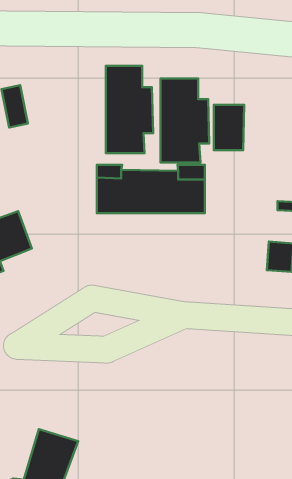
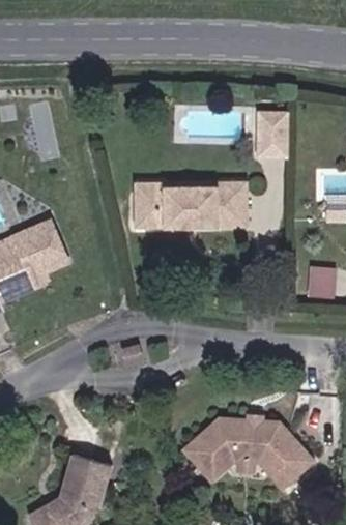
building: [106,66,153,153] -> none
building: [161,79,209,163] -> none
building: none -> [179,417,315,492]

